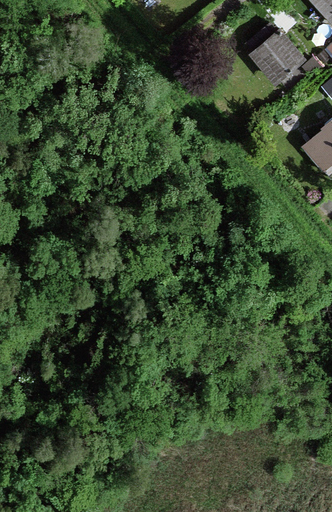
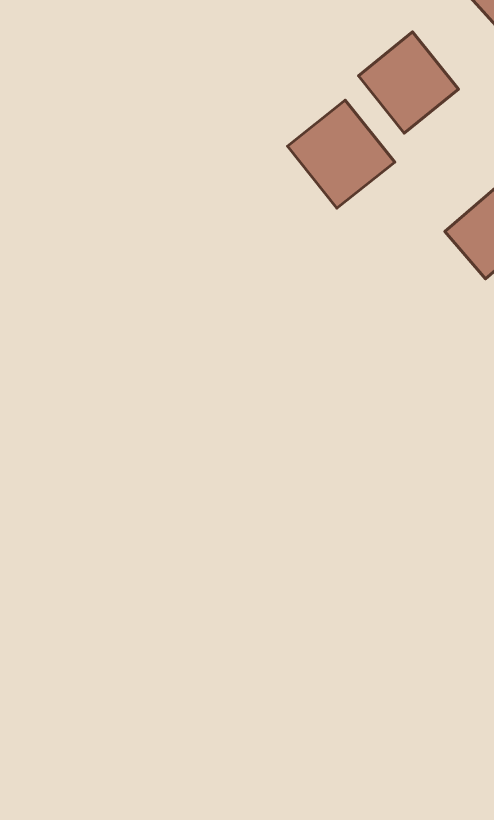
building: none -> [287,100,395,208]

